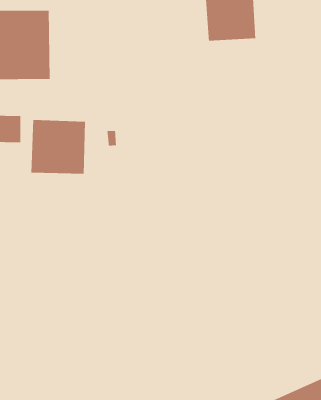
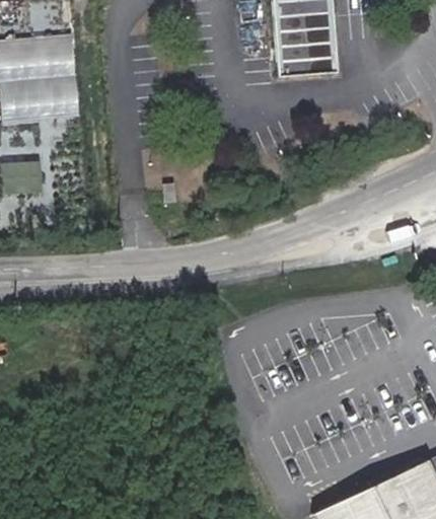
building: [31,119,86,175] -> none

